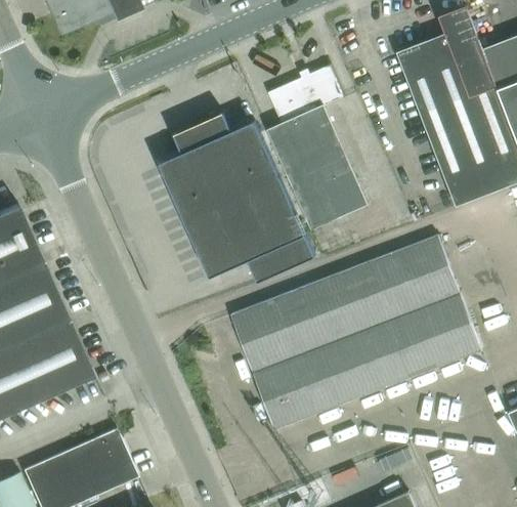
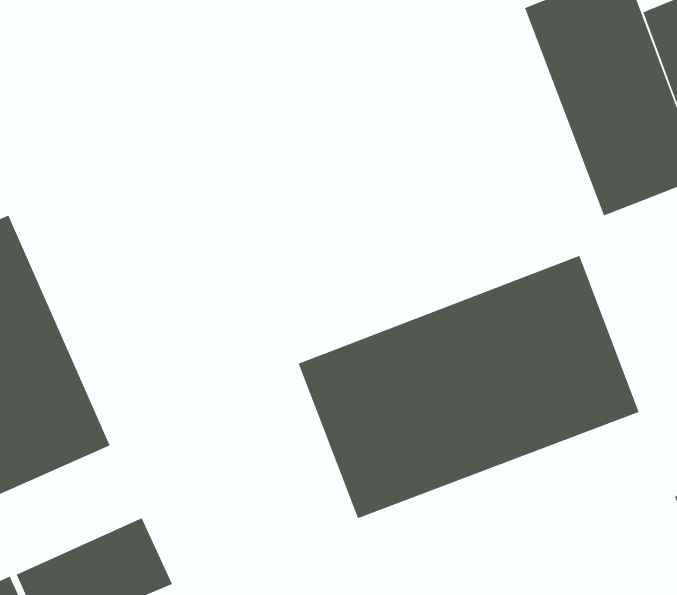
building: [267,65,369,228] -> none
building: [160,112,315,282] -> none

